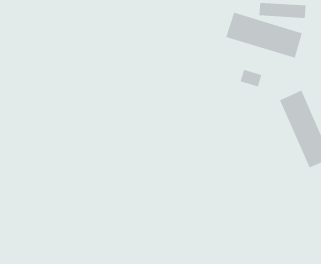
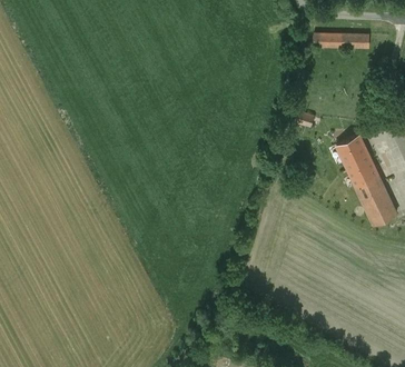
building: [226,12,302,58] -> none

